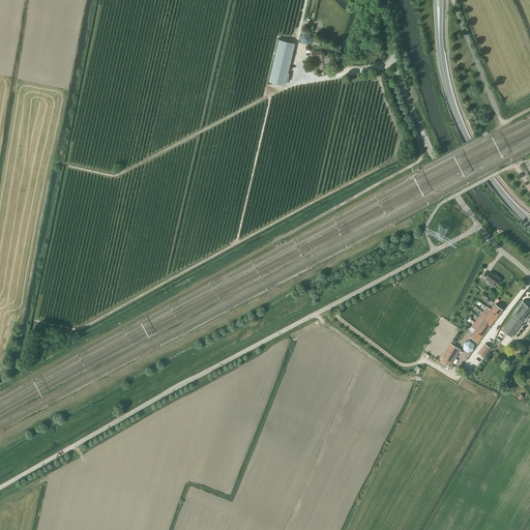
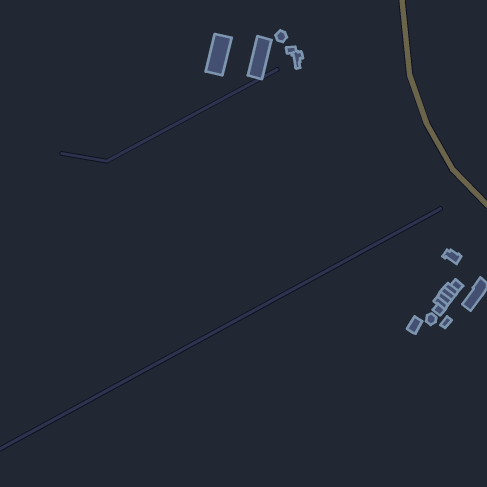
building: none -> [206,34,232,75]

